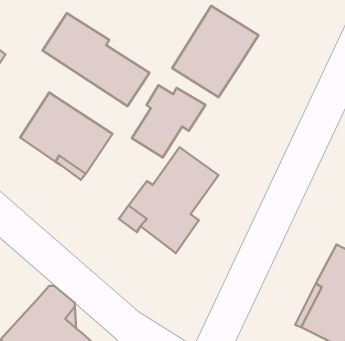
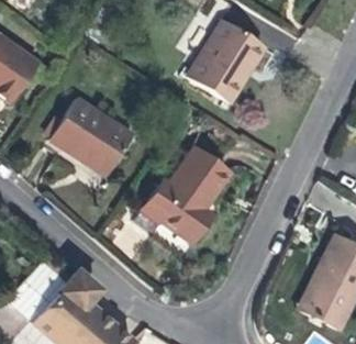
building: [42,13,149,106] -> none
building: [132,85,205,157] -> none

